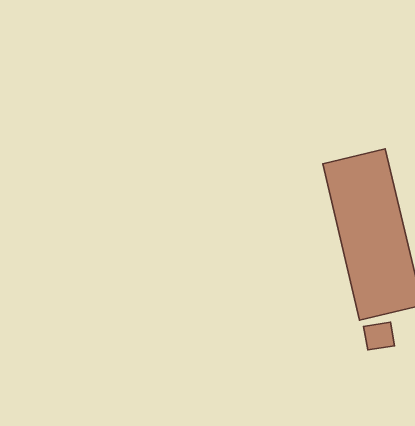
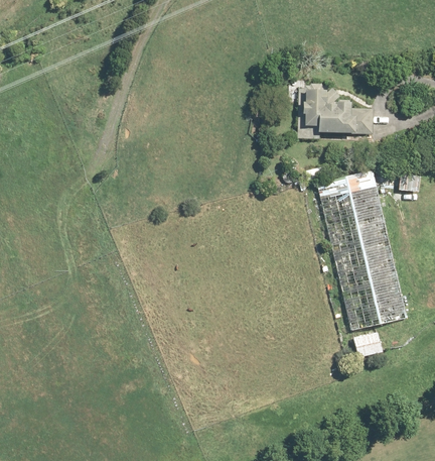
building: none -> [297,83,373,140]

